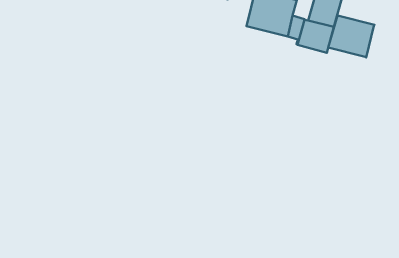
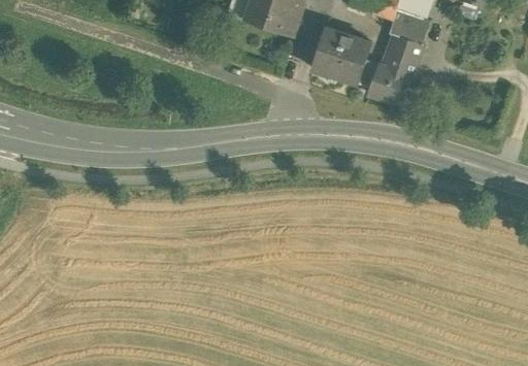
building: [328,16,374,58] -> none

